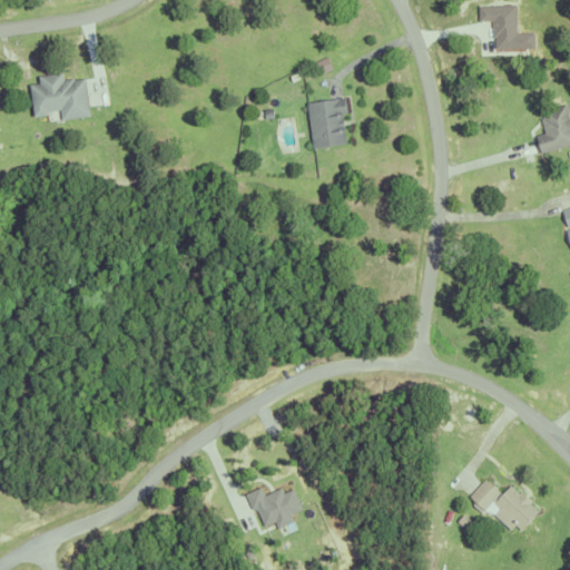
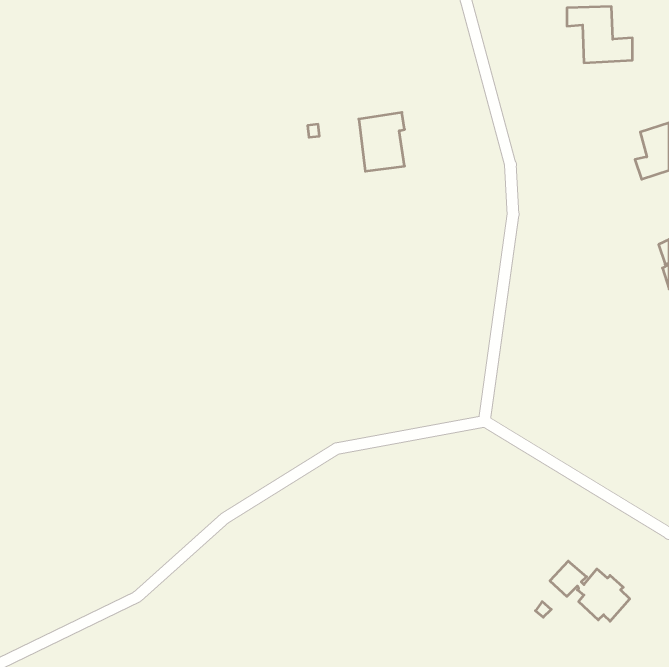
building: [36,75,95,121] -> none
building: [252,490,306,531] -> none

